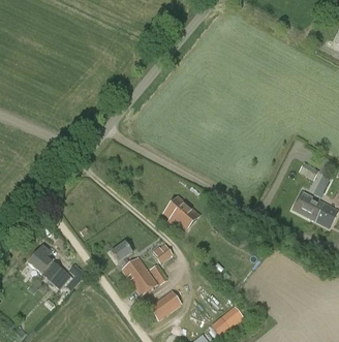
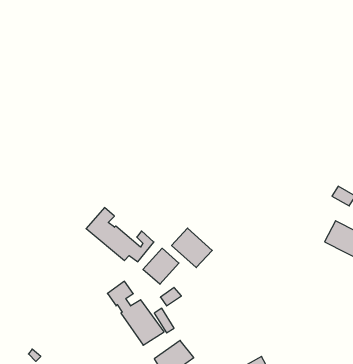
building: none -> [143,248,179,284]
building: [27,244,84,289] -> [86,208,154,262]

